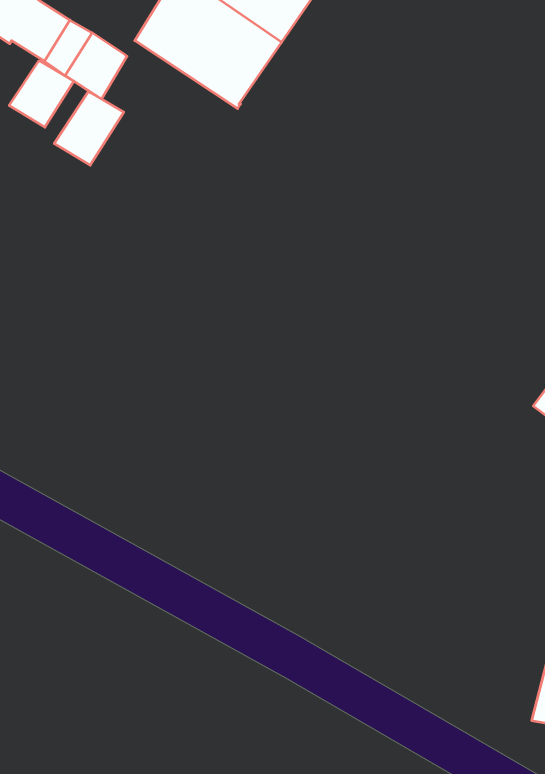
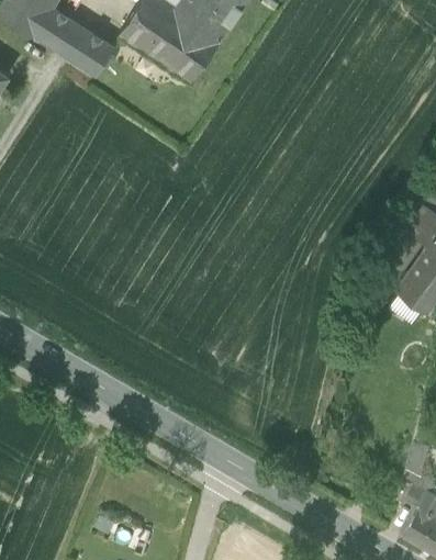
building: [9,61,74,127] -> none
building: [54,92,124,165] -> none

